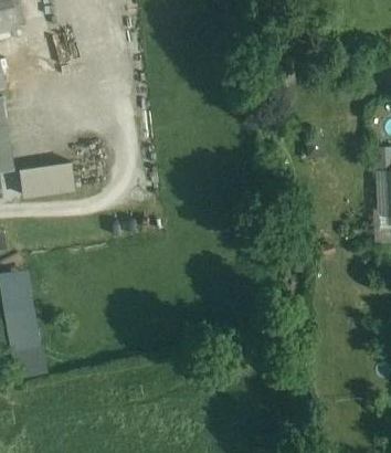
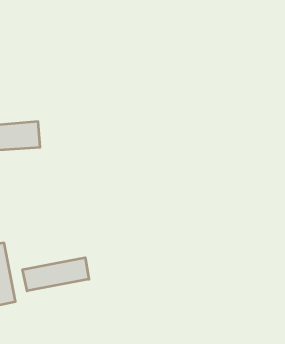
building: none -> [23,258,89,291]

